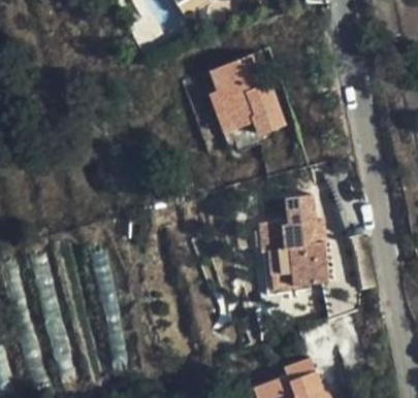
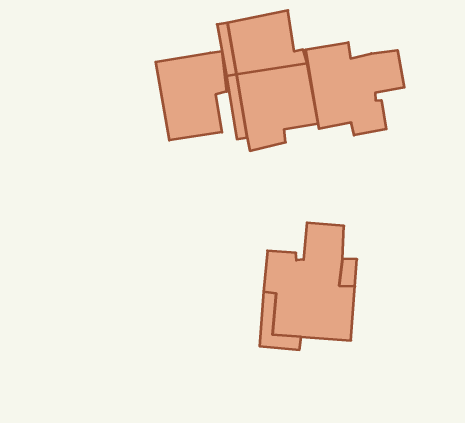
building: none -> [306,42,404,135]
building: none -> [156,51,227,140]

